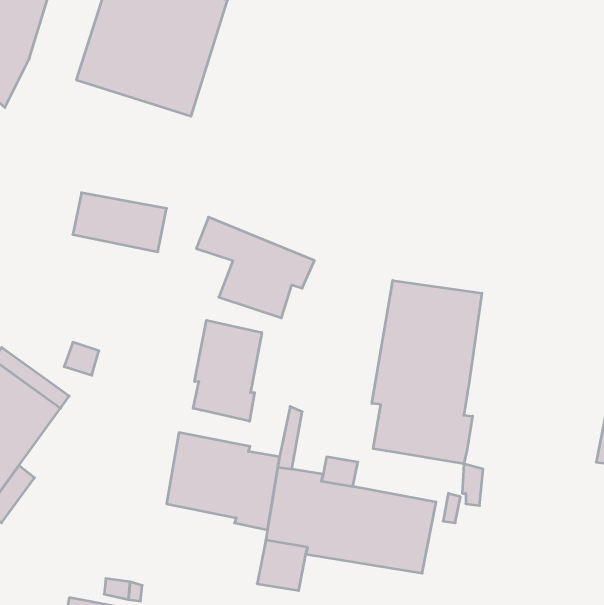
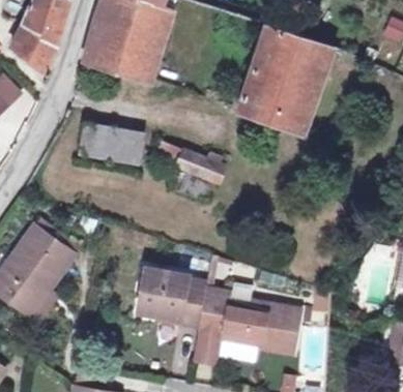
building: none -> [238,26,333,131]
building: [372,280,482,464] -> none
building: [193,320,262,421] -> none

